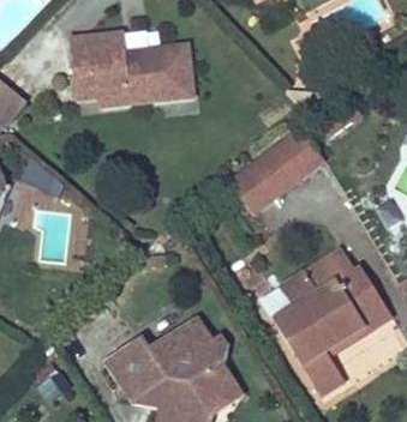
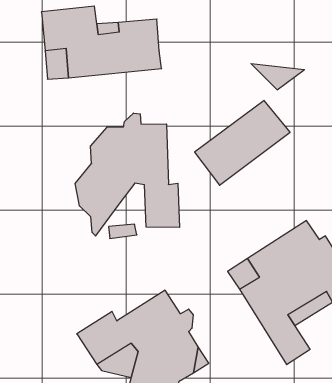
building: none -> [75,113,179,236]

